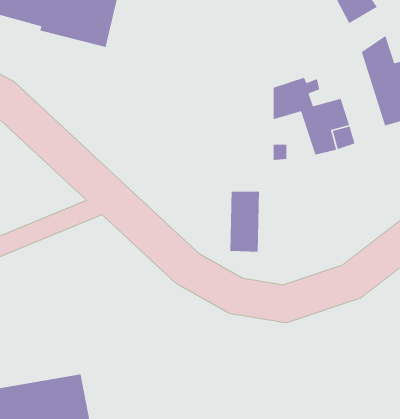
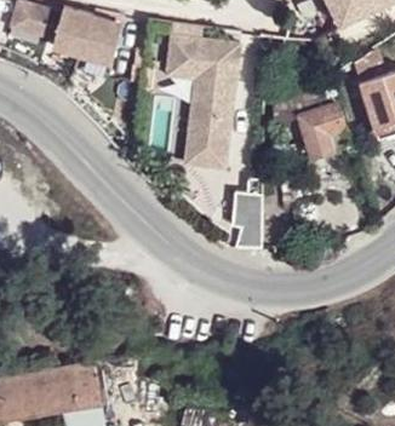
building: none -> [167,28,246,171]

